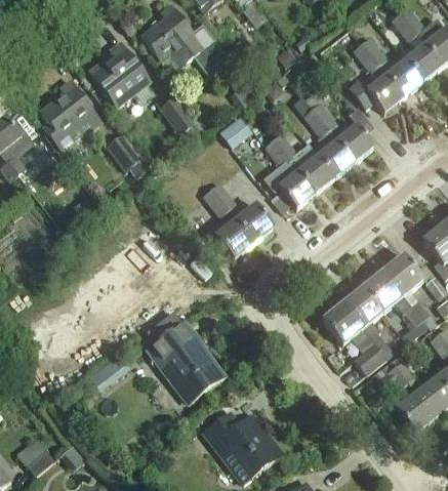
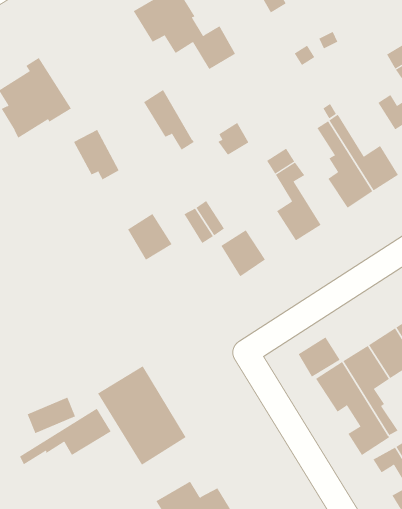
building: [91,42,150,108] -> none
building: [288,154,333,193] -> none
building: [214,218,252,257] -> [127,213,172,260]
building: none -> [298,337,341,377]
building: none -> [19,408,111,465]

